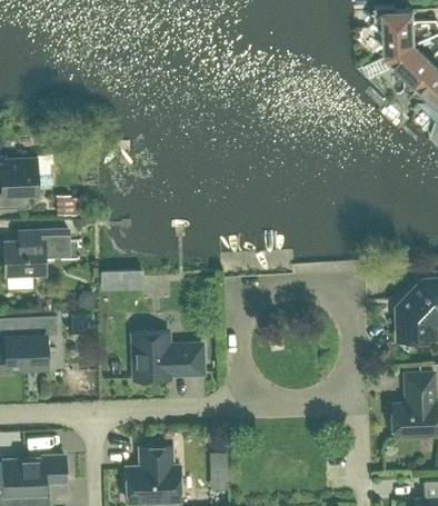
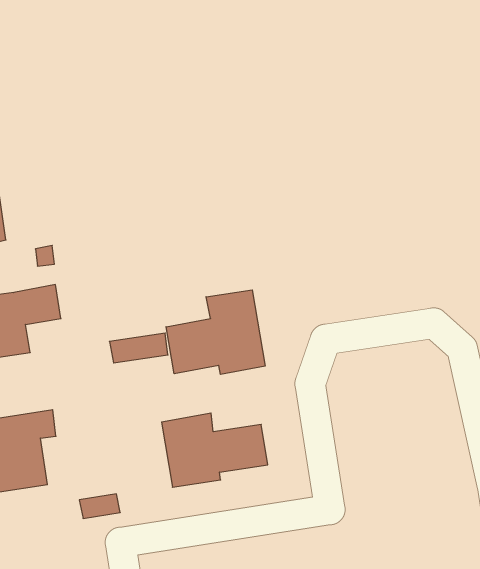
building: none -> [166,290,265,374]

